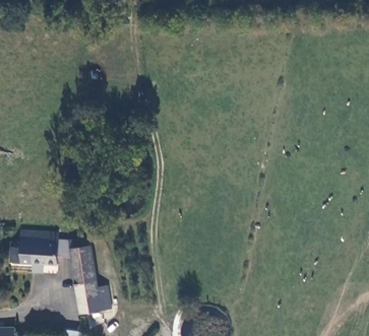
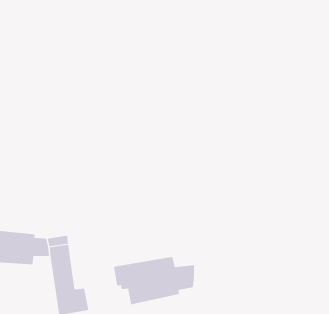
building: none -> [114,256,194,305]

